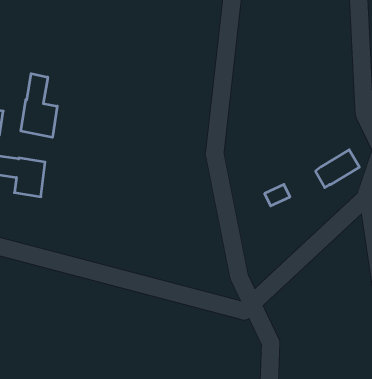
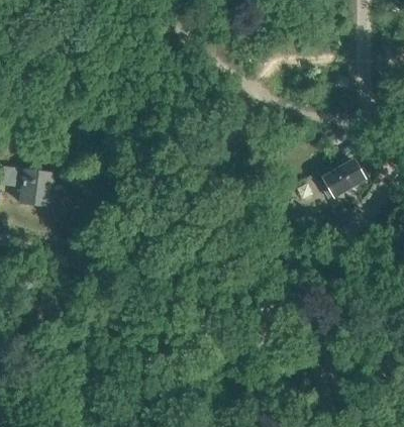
building: [21,74,57,137] -> none

